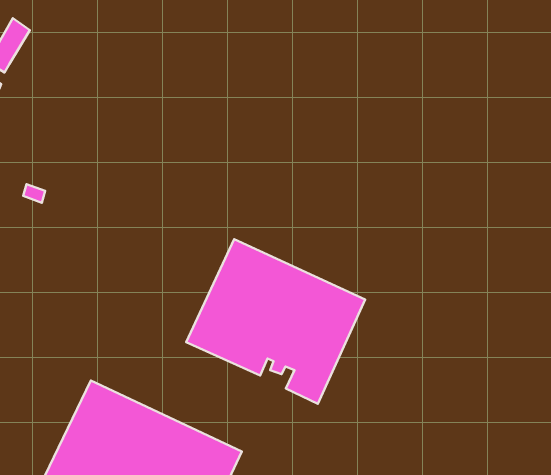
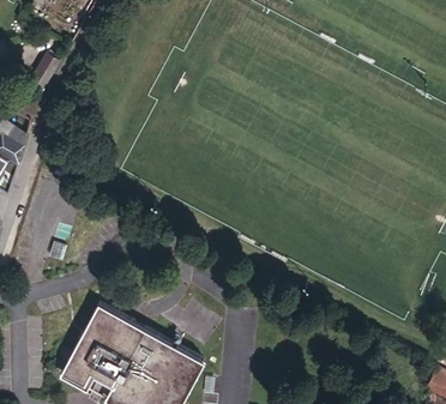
building: [186,239,365,404] -> none

